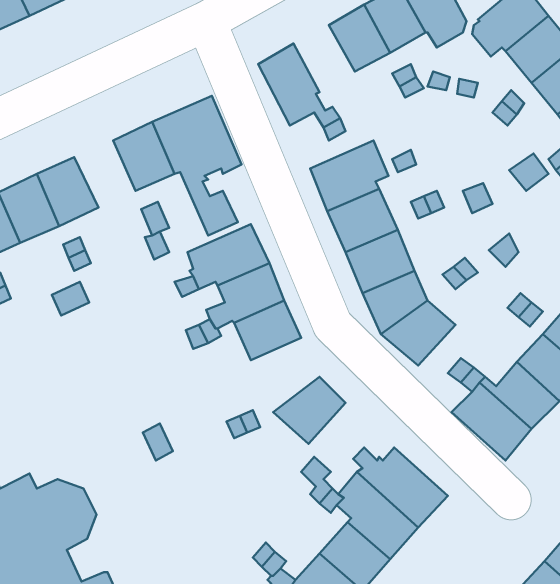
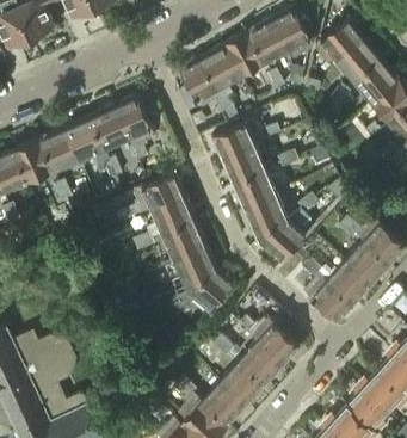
building: none -> [202,45,241,88]
building: none -> [61,119,100,162]
building: none -> [174,246,218,294]

